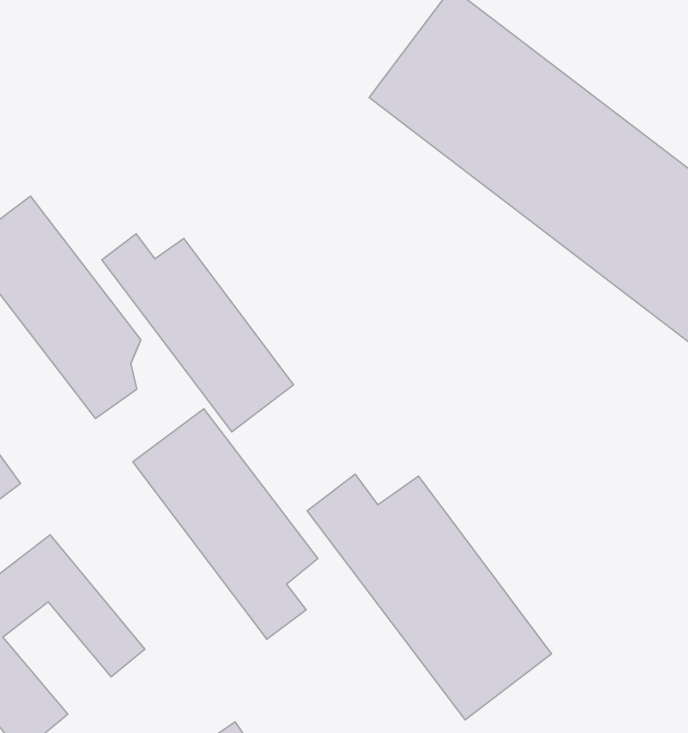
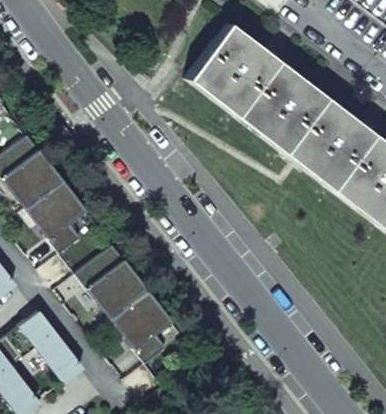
building: [102,234,293,432] -> none
building: [307,474,551,720] -> none

